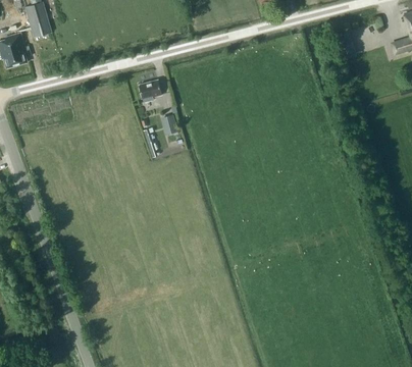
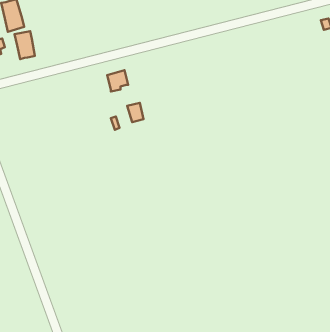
building: none -> [14,31,35,59]

